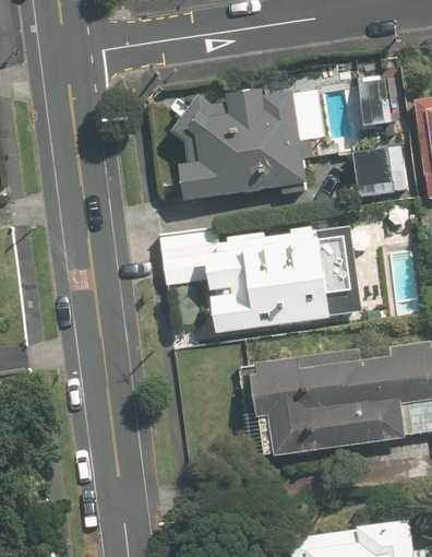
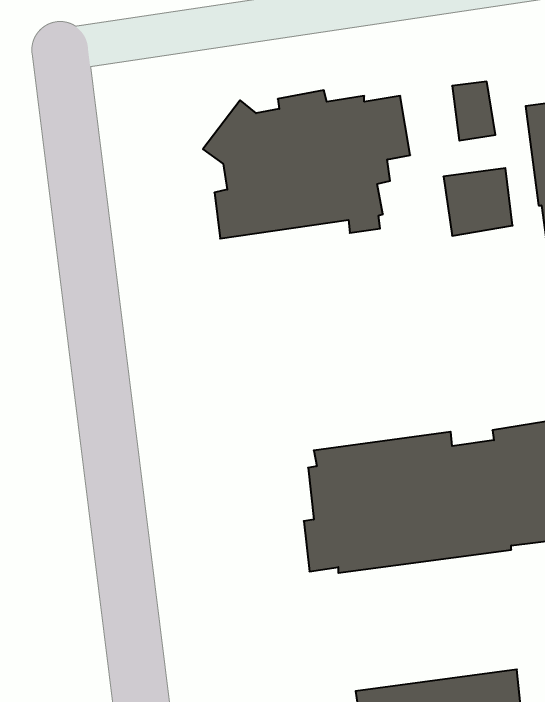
building: [163,227,355,333] -> none

